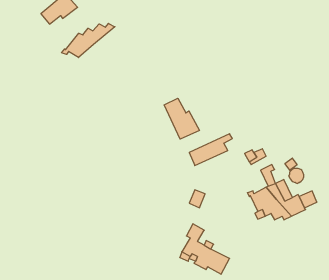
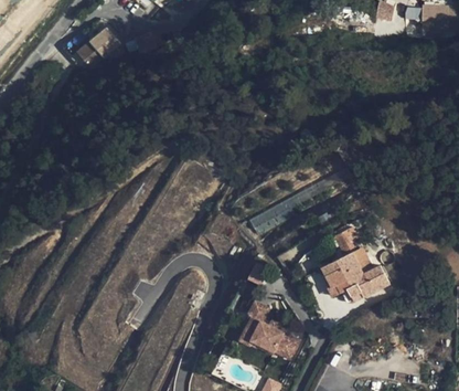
building: [62,23,115,58] -> none
building: [164,98,199,139] -> none

